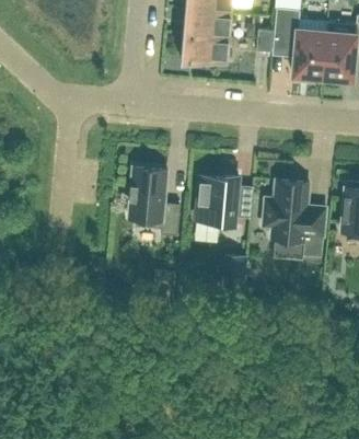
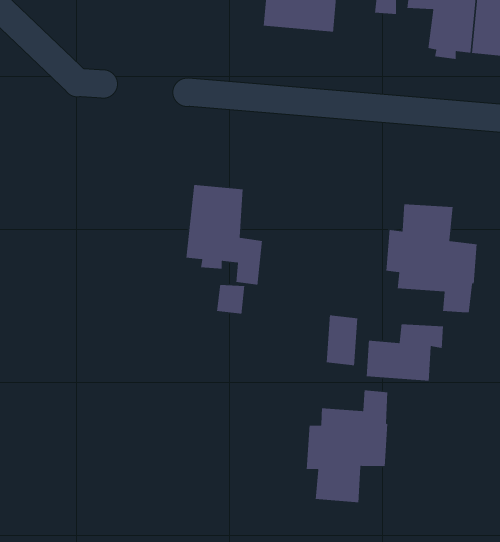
building: [196,176,238,227] -> none
building: none -> [366,323,444,381]
building: none -> [306,390,388,503]

